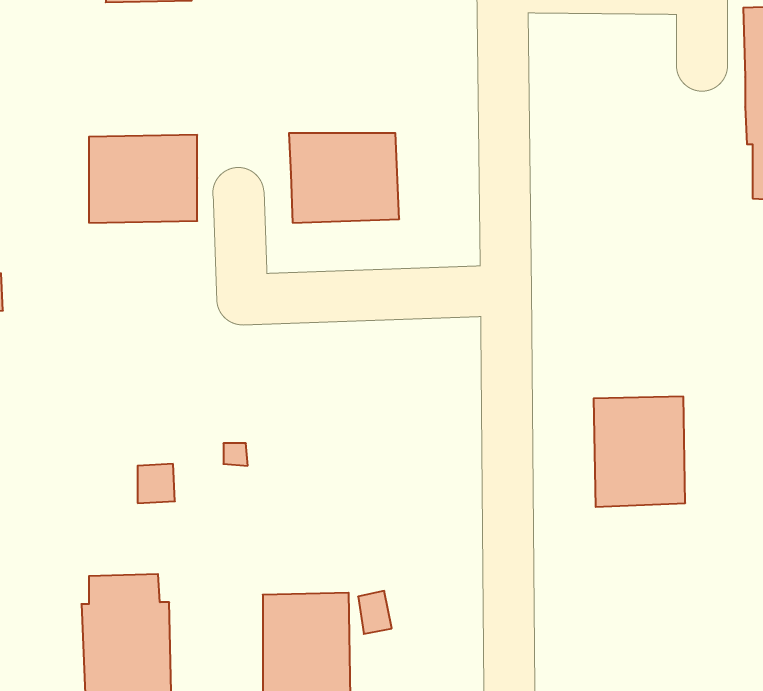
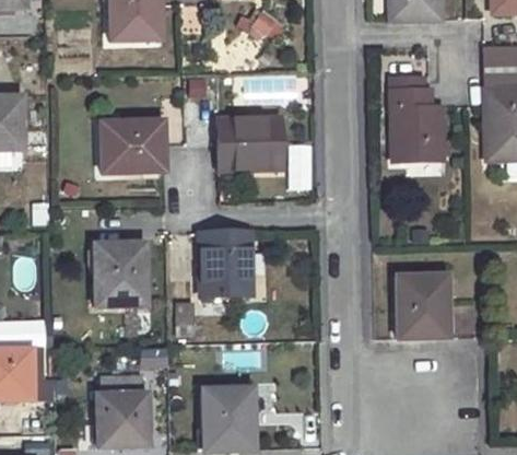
building: none -> [392,77,449,162]
building: none -> [199,232,252,295]
building: none -> [95,242,148,305]

